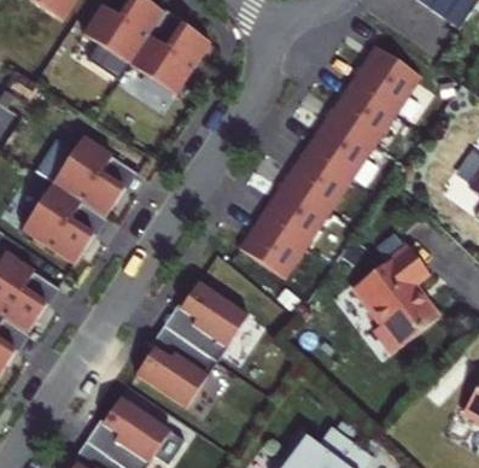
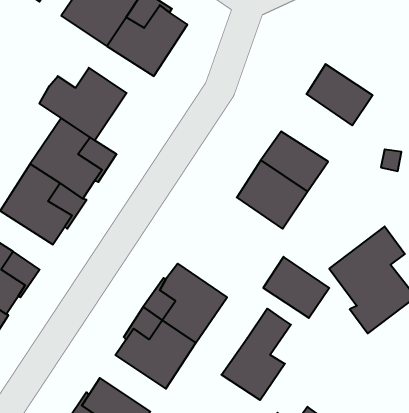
building: [349,45,421,113] -> none
building: none -> [39,68,127,140]
building: [304,112,375,180] -> none
building: [239,216,305,277] -> [263,257,329,318]
building: none -> [221,309,291,400]

